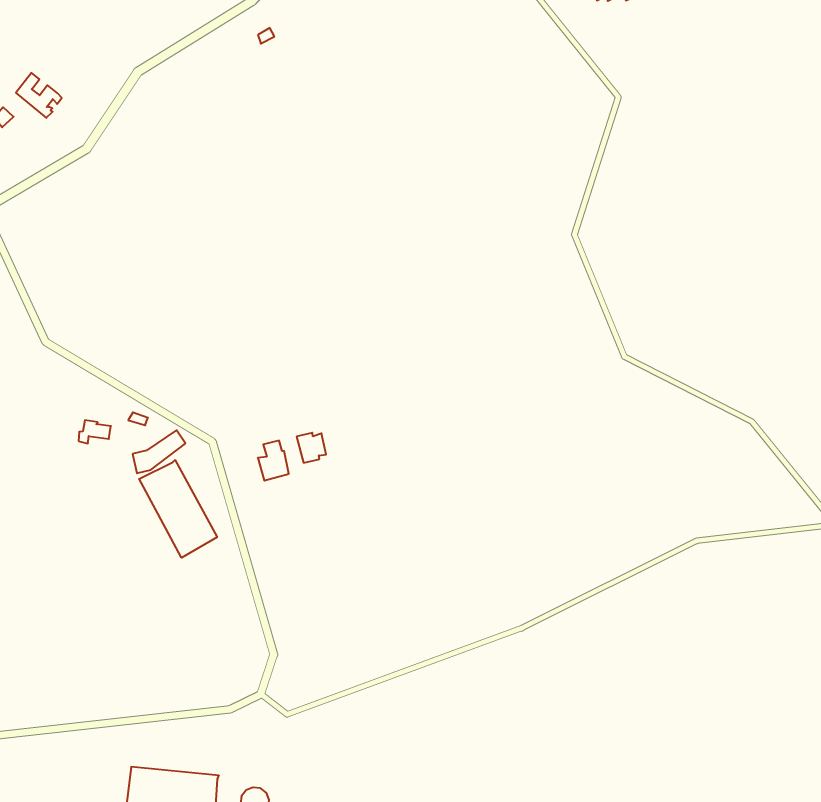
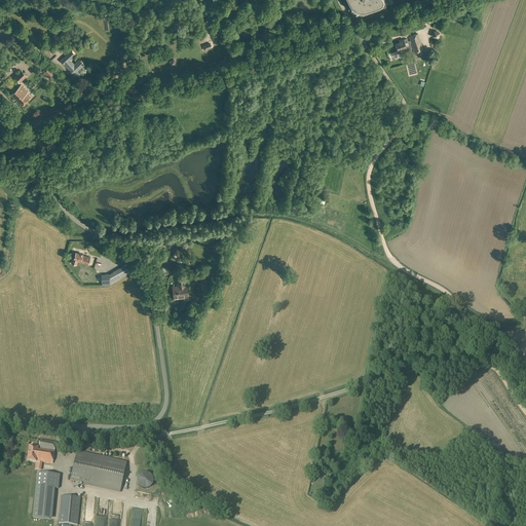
building: [139,460,217,558] -> none
building: none -> [27,439,55,463]

